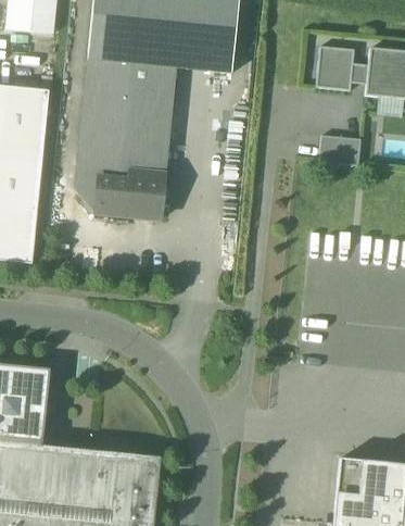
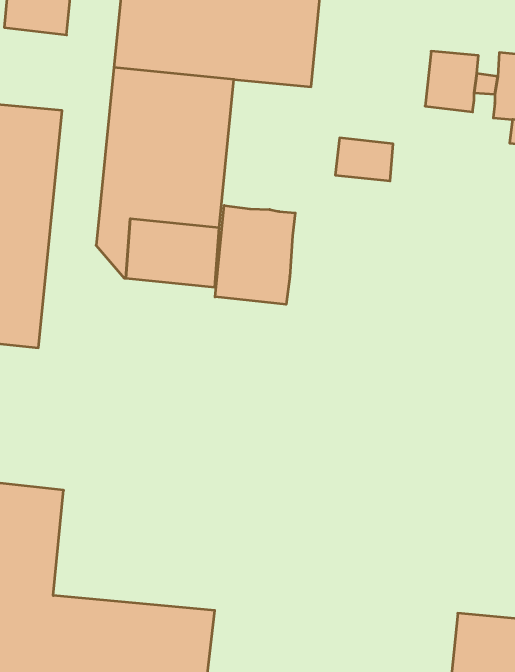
building: [318,136,360,167] -> [335,138,393,181]
building: none -> [215,205,295,304]

